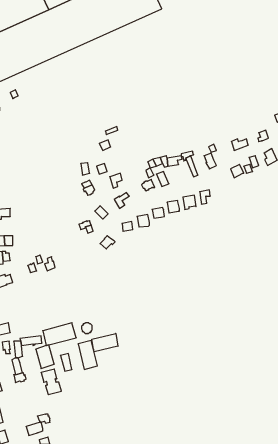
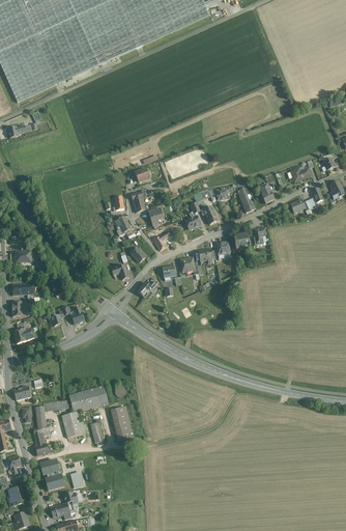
building: [92,333,118,352] -> none
building: [41,369,61,395] -> [40,459,64,490]

